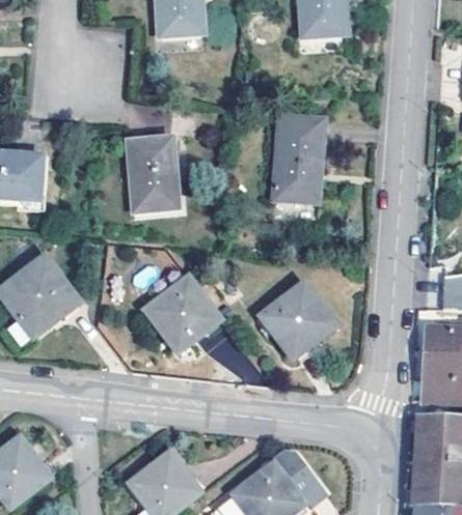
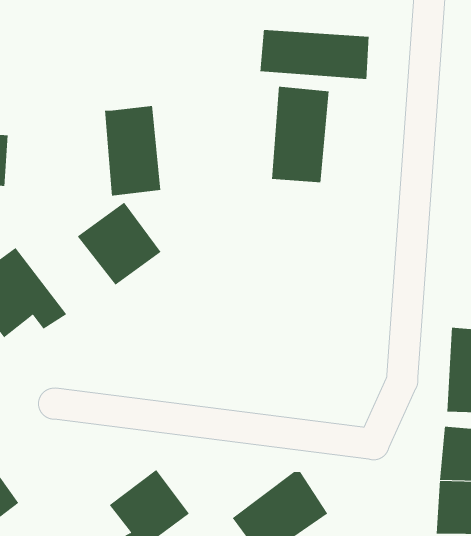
building: none -> [260,29,369,80]
building: [148,280,222,352] -> [77,202,162,285]
building: [264,284,339,359] -> none

